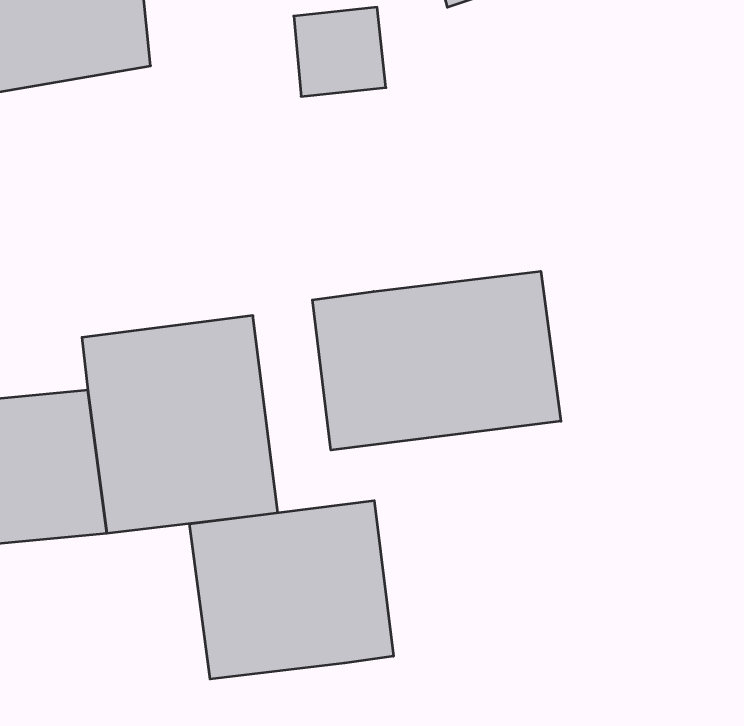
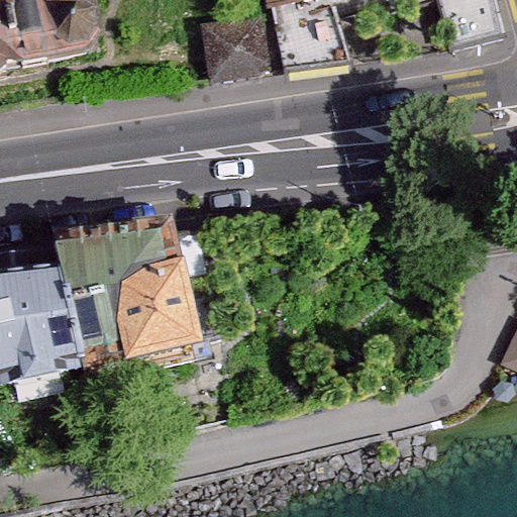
building: [312,271,561,450] -> none
building: [190,501,393,679] -> none

